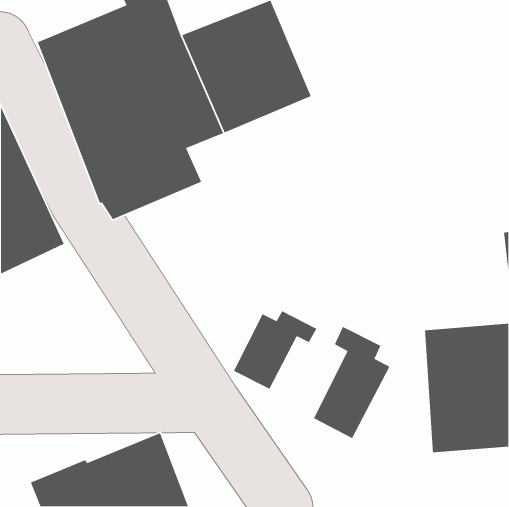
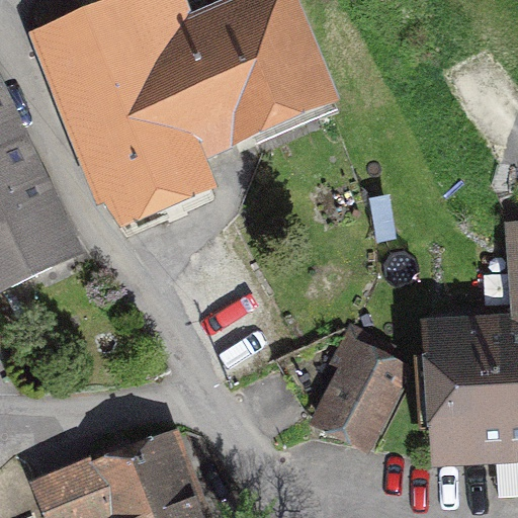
building: [233,310,317,390] -> none

